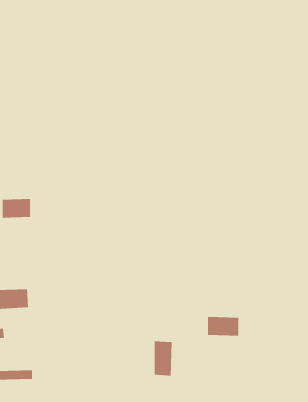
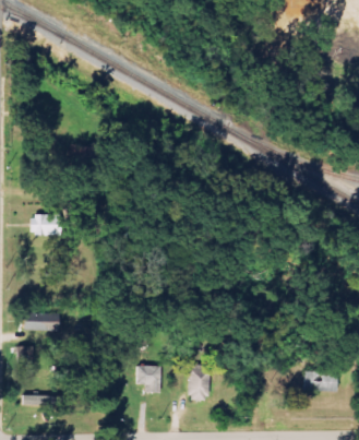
building: [207,316,239,336] -> [303,371,337,392]
building: none -> [136,367,161,393]

